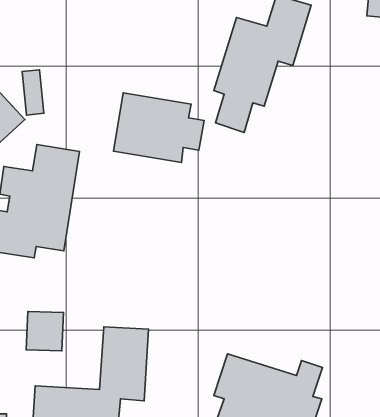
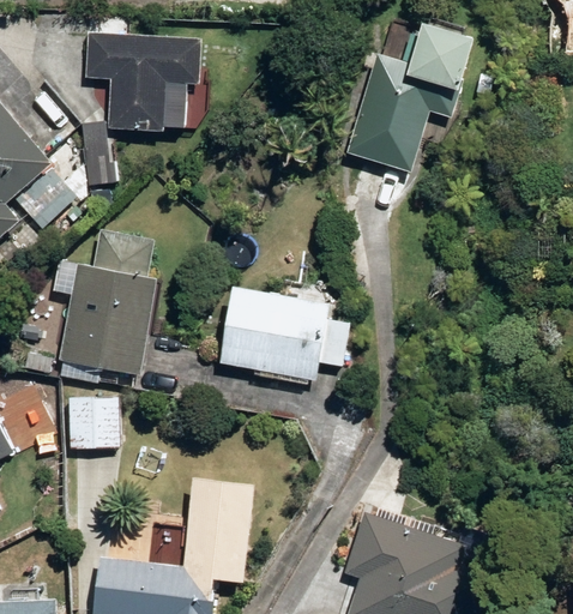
building: none -> [83,34,199,133]
building: [114,93,204,162] -> [224,285,349,381]
building: [26,312,64,351] -> [66,395,117,449]

